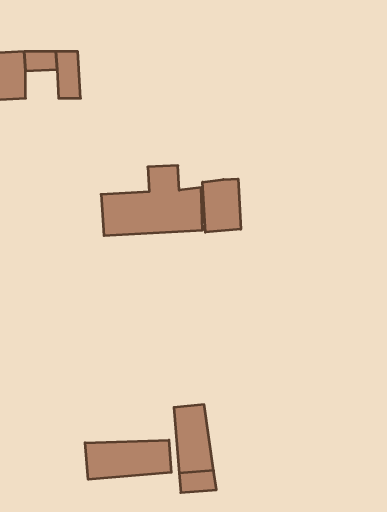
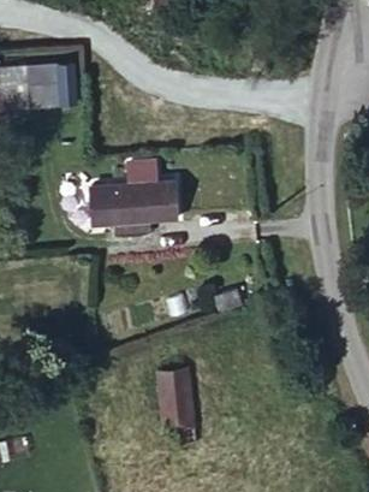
building: [203,179,241,232] -> none
building: [85,440,171,479] -> none

